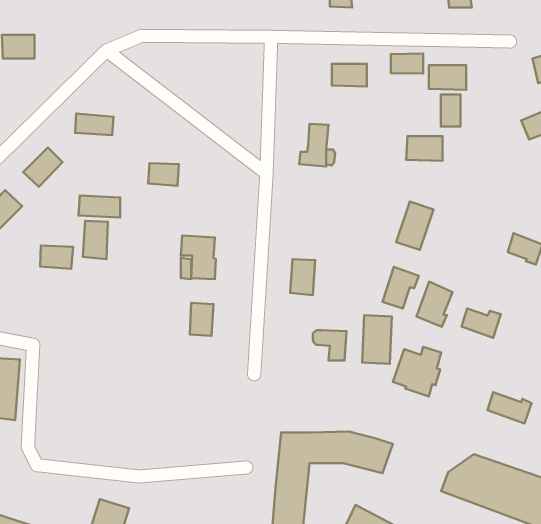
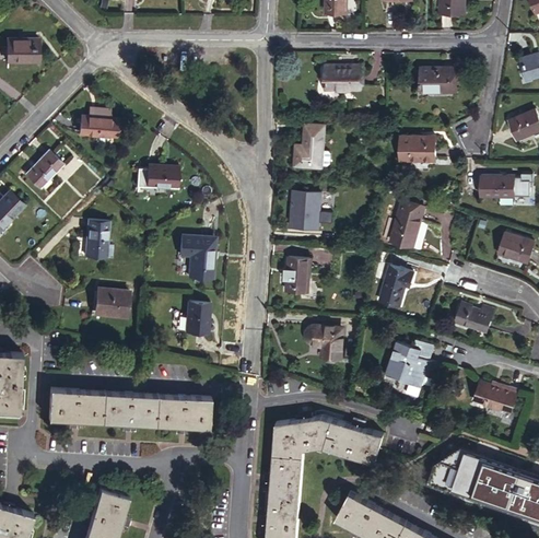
building: [391,54,423,74] -> none
building: [441,94,461,127] -> none
building: none -> [481,177,515,199]
building: none -> [291,189,319,229]
building: [78,195,120,218] -> none
building: [40,245,73,269] -> none
building: [416,281,453,327] -> none
building: none -> [96,288,129,315]
building: [362,315,392,364] -> none
building: none -> [49,390,212,431]

